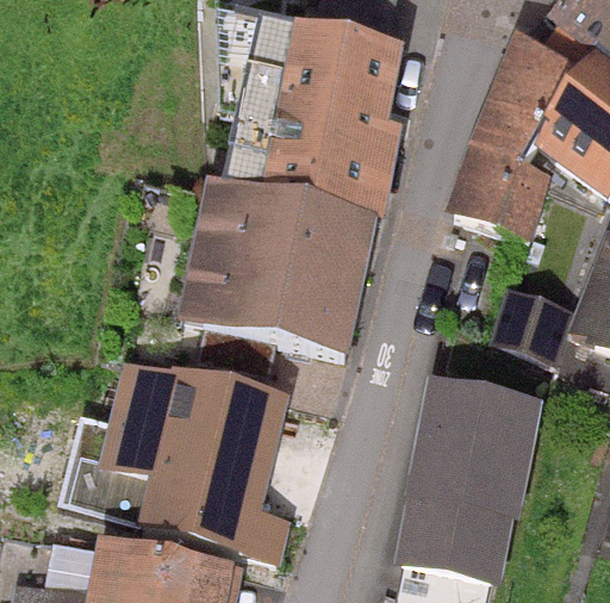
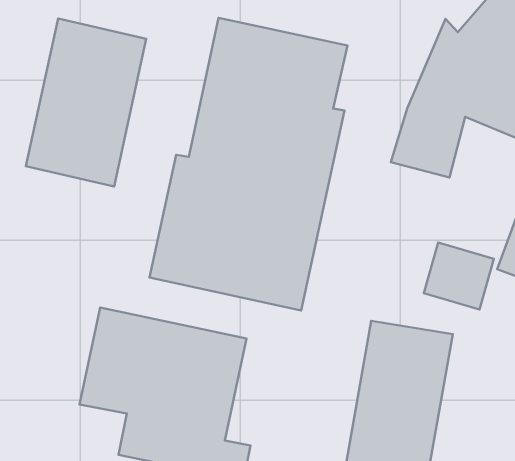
building: none -> [26,19,146,186]

